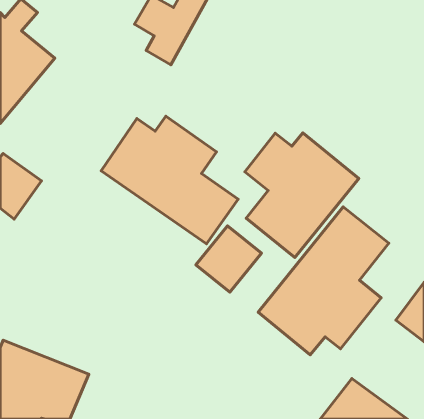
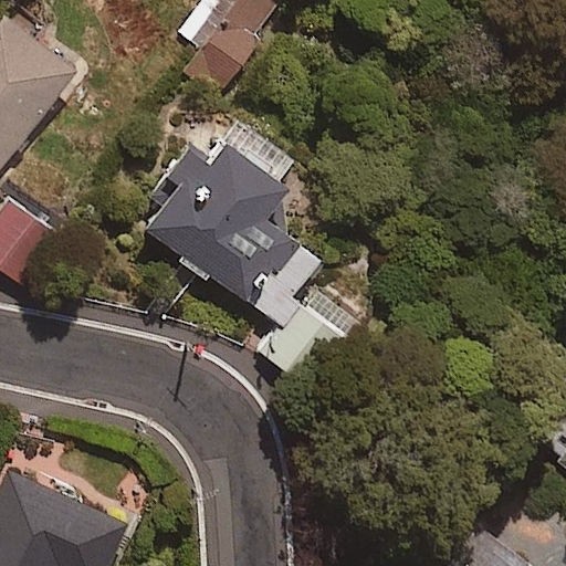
building: [245,133,359,257] -> none
building: [258,207,389,355] -> none

